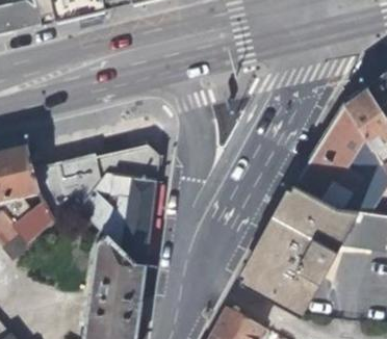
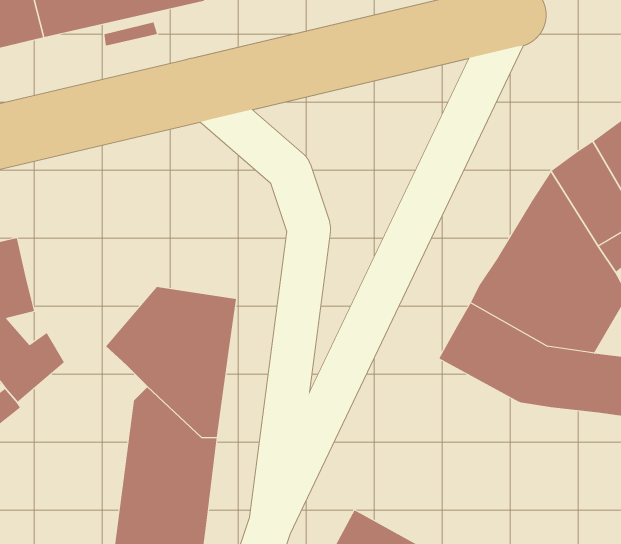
building: [31,144,159,218] -> none
building: [239,216,342,314] -> none

